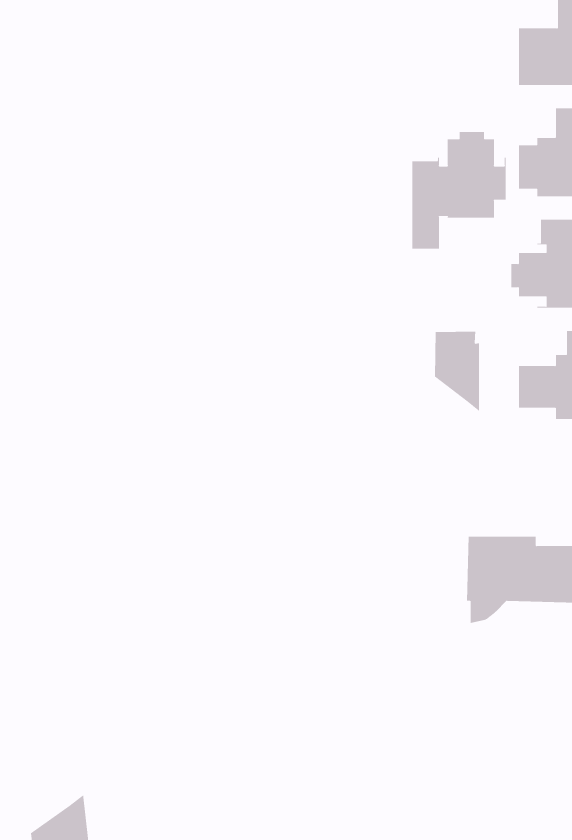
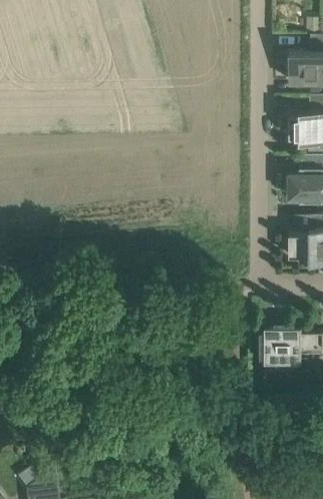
building: [412,131,506,249] -> none
building: [435,331,480,412] -> none

